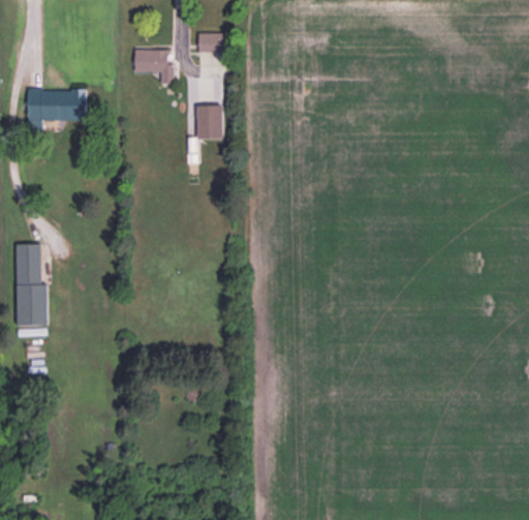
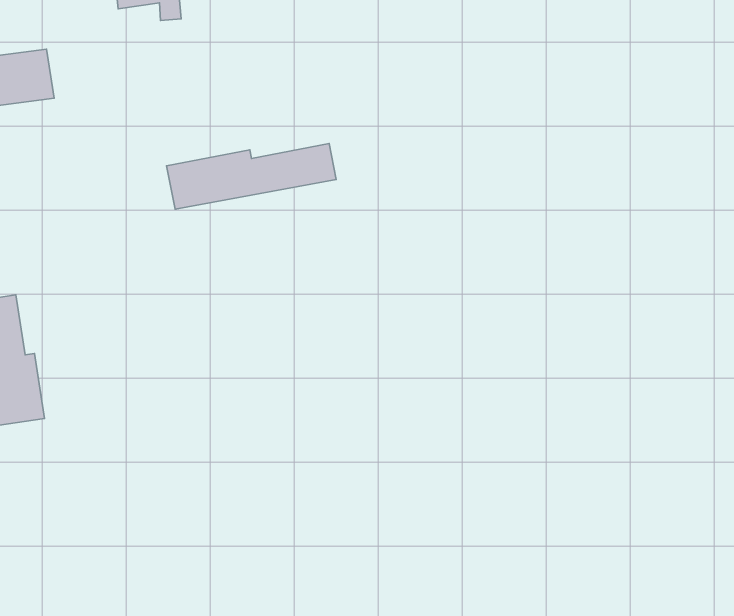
building: [196,104,222,139] -> none
building: none -> [166,144,336,209]

